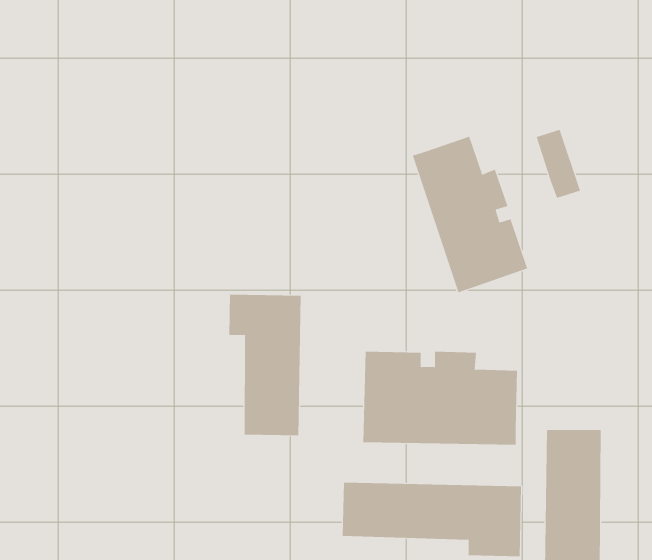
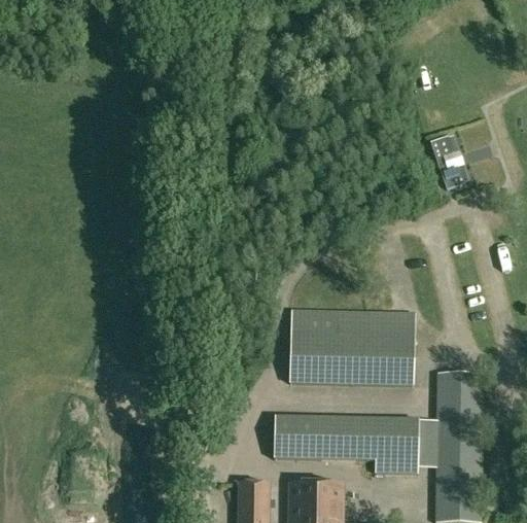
building: [412,136,528,293] -> none
building: [229,294,301,436] -> none

